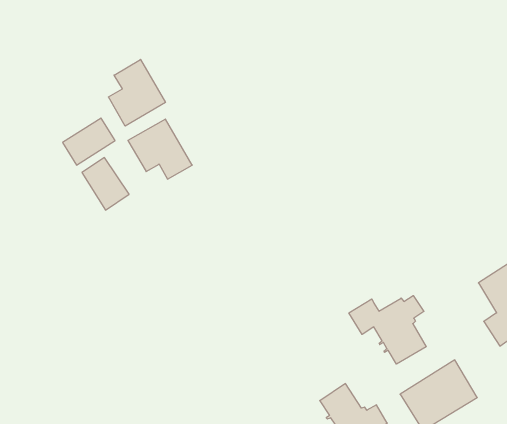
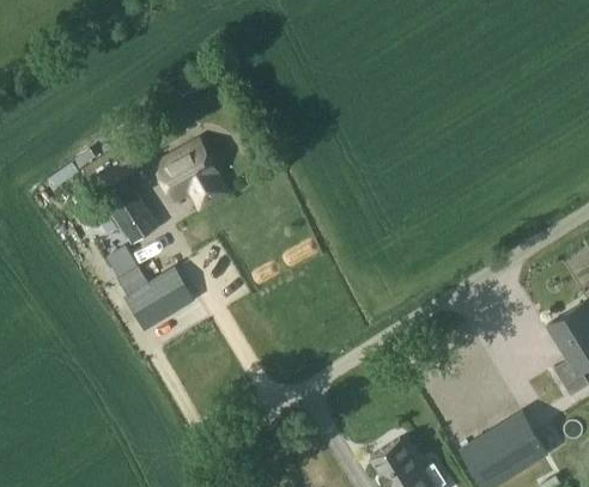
building: [108,59,165,126] -> none
building: none -> [119,256,192,318]
building: [349,296,426,364] -> none

